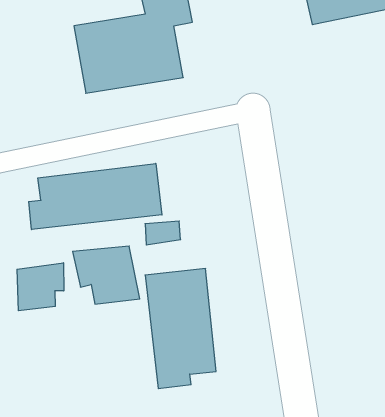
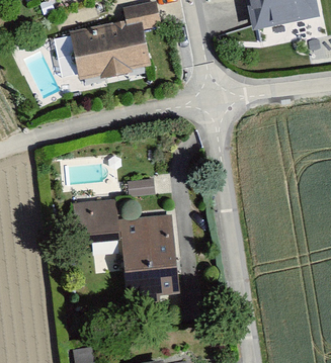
building: [29,163,162,230] -> none
building: [17,263,64,311] -> none

